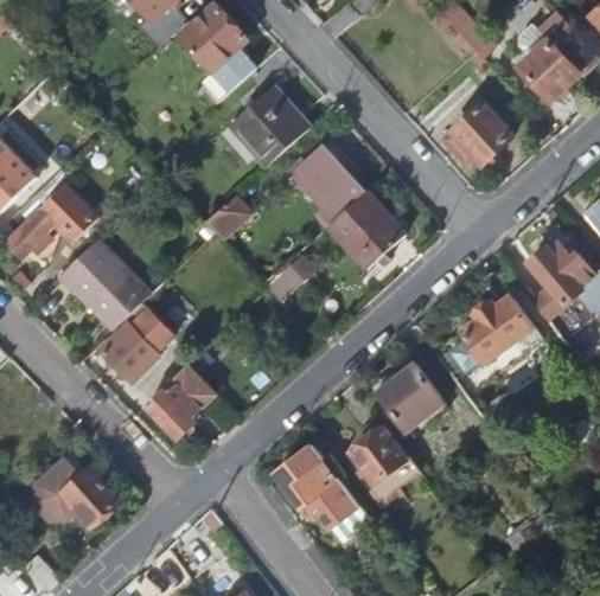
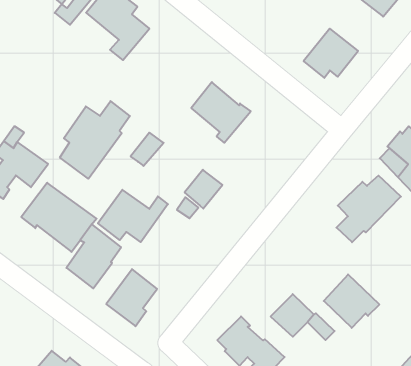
building: [229,85,309,167] -> none
building: none -> [60,101,130,179]
building: [325,190,404,269] -> none
building: none -> [98,190,168,242]
building: [377,361,446,429] -> [324,274,379,328]

